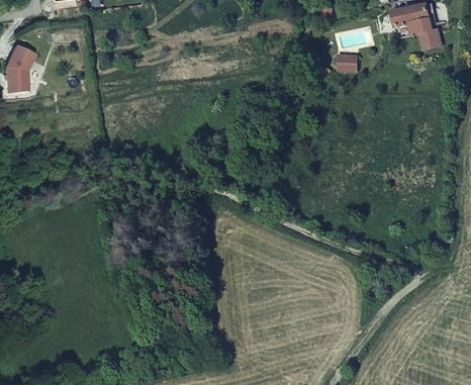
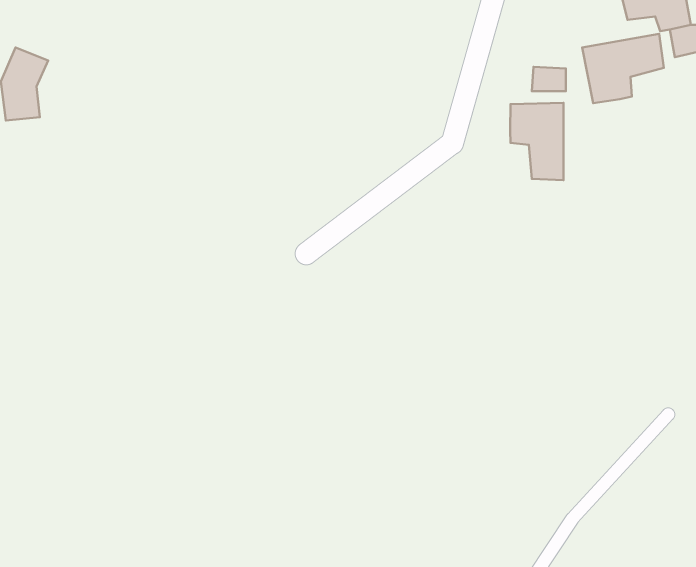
building: none -> [582,34,664,103]
building: none -> [510,103,564,180]

